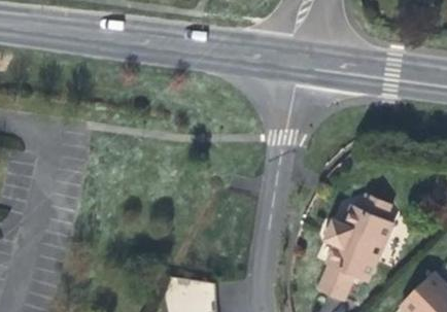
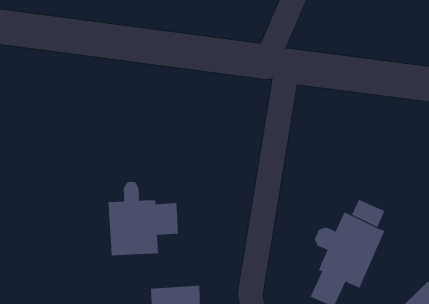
building: none -> [108,181,178,256]

